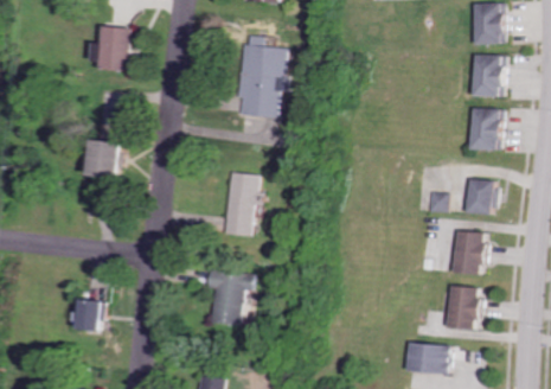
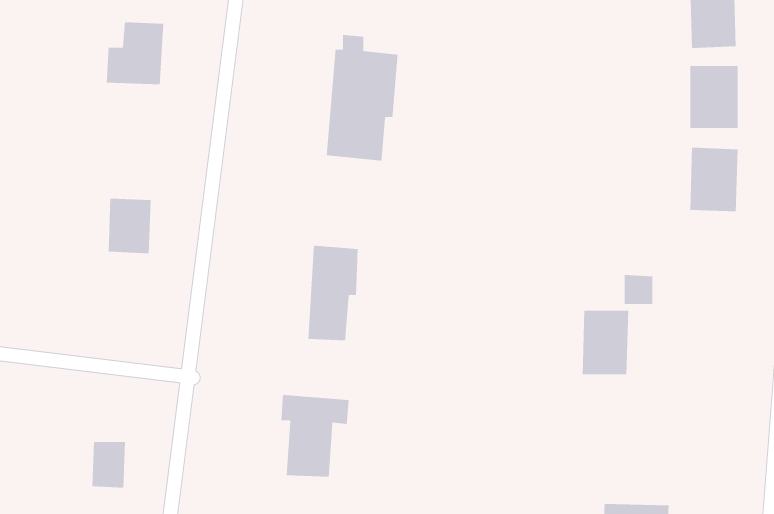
building: [469,180,496,216] -> none
building: [457,232,488,275] -> [582,310,629,375]
building: [454,287,485,331] -> none

